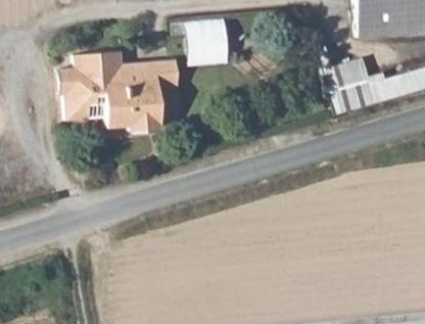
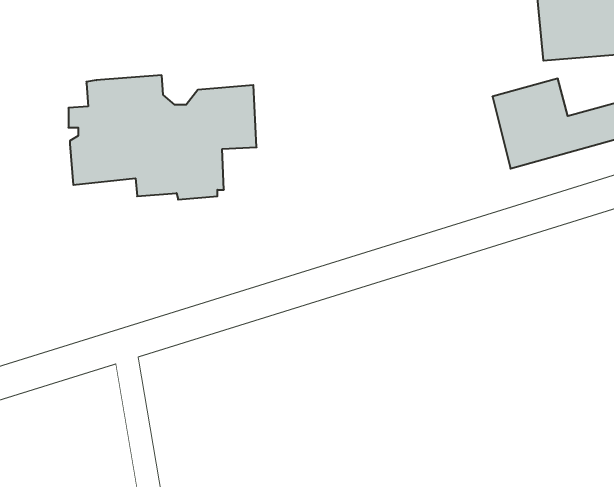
building: [179,20,233,65] -> none

